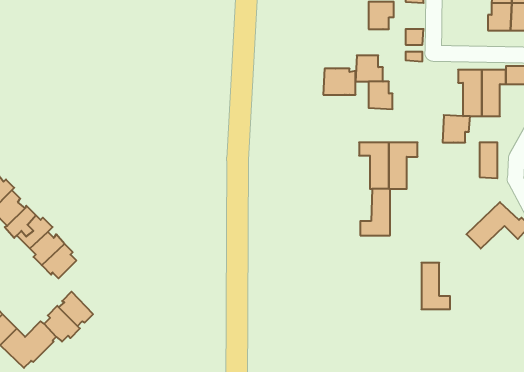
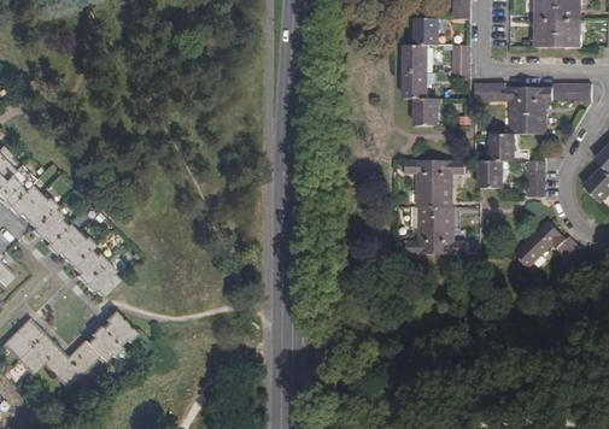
building: none -> [474,82,504,100]
building: [323,69,356,95] -> [402,46,434,72]
building: none -> [478,160,503,188]
building: [421,263,450,309] -> [435,207,464,254]

